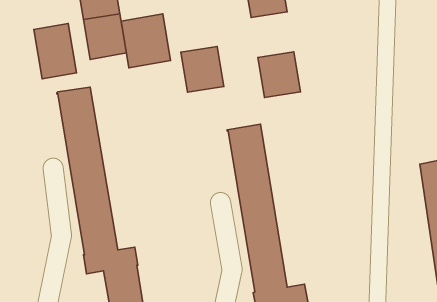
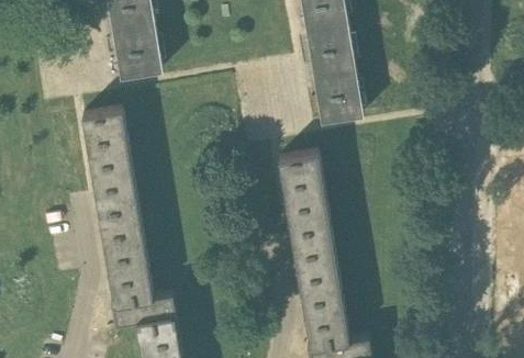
building: [121,14,171,68] -> none
building: [34,24,76,79] -> none
building: [181,46,224,92] -> [306,21,356,74]

